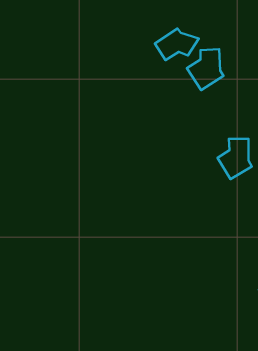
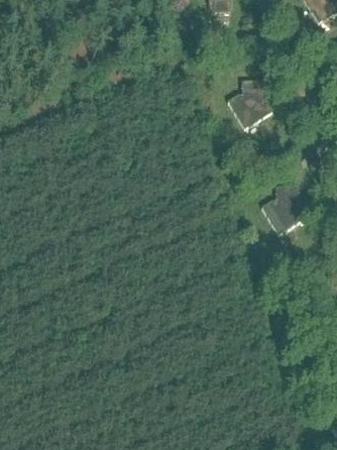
building: [155,28,199,60] -> none

